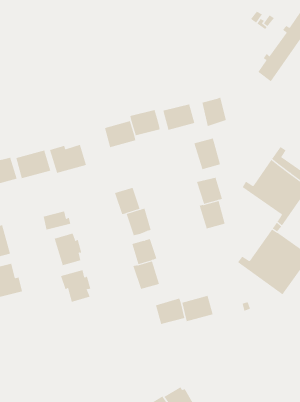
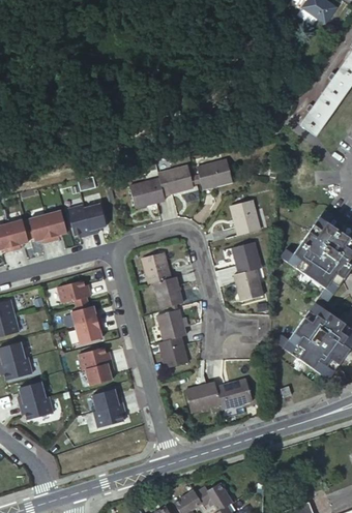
building: [202,97,227,127] -> none
building: none -> [18,380,55,420]
building: none -> [91,389,122,428]

